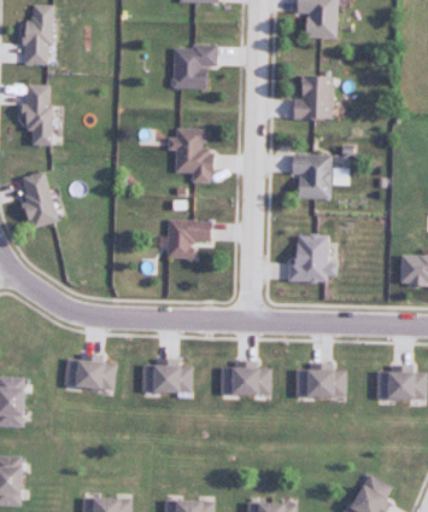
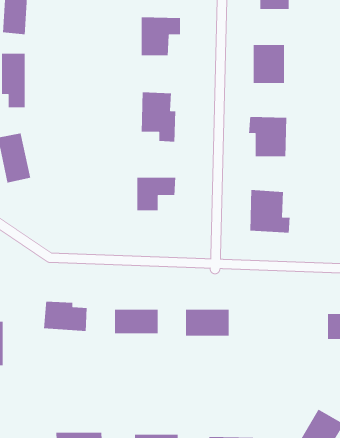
building: [297,367,346,397] -> none

